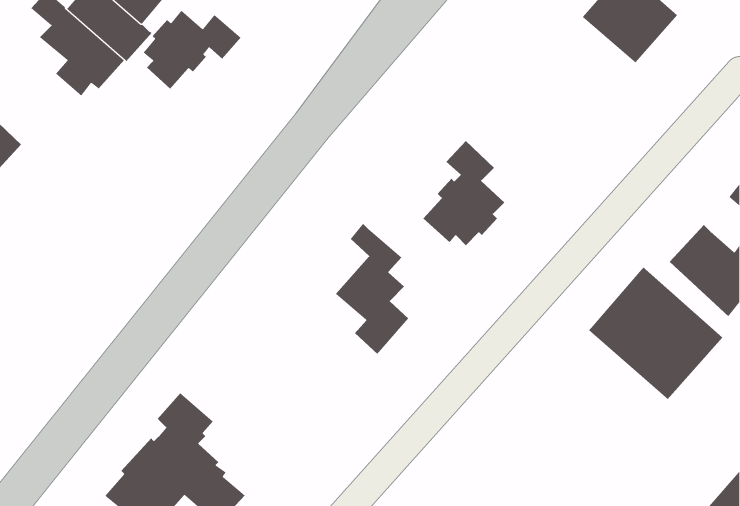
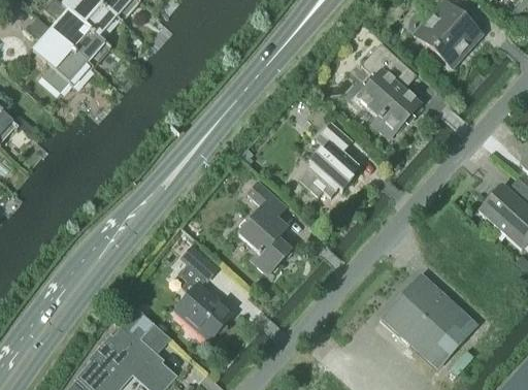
building: [143,10,242,90] -> none
building: none -> [357,43,421,139]
building: [588,266,723,400] -> [381,273,476,368]
building: none -> [177,247,234,339]

